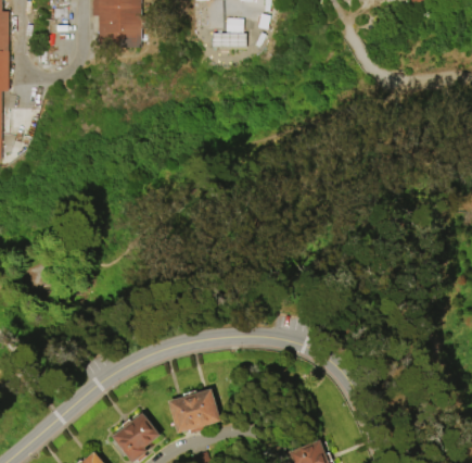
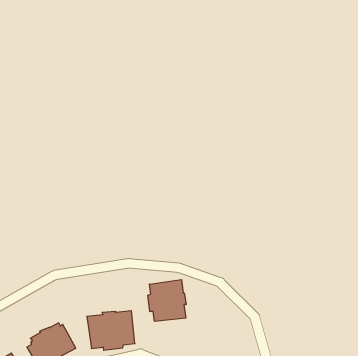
building: none -> [148,280,186,321]

